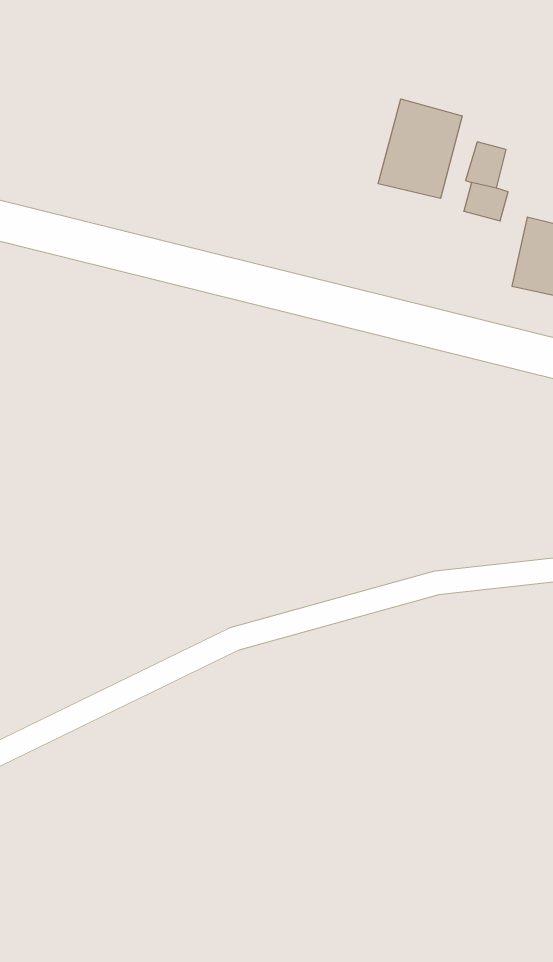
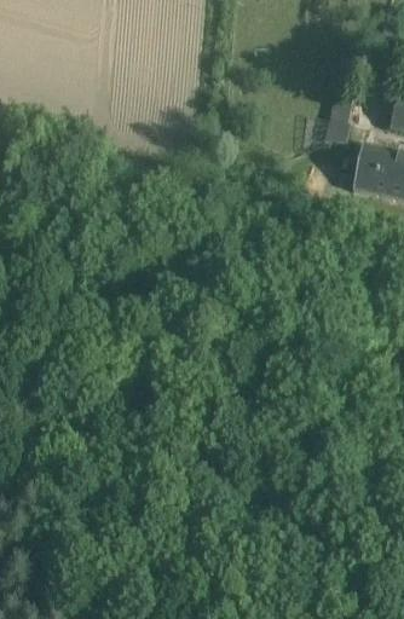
building: [378,99,462,198] -> none

